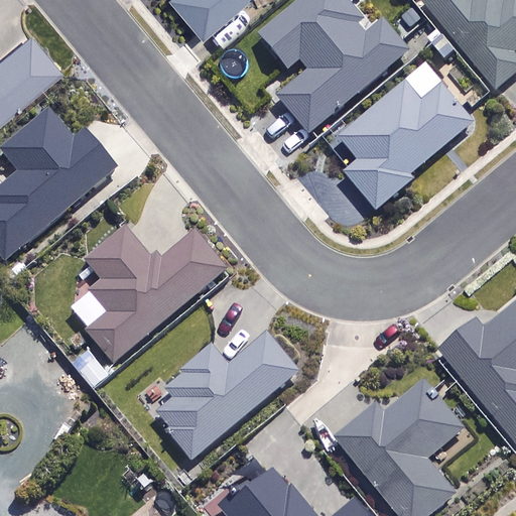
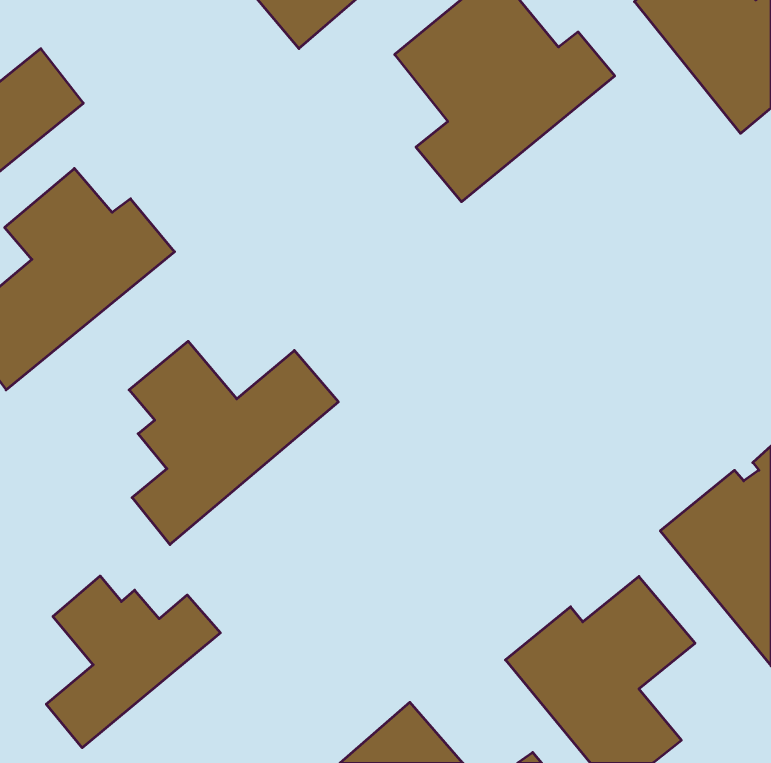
building: [340,81,474,211] -> none
building: [154,332,299,458] -> none
building: none -> [46,576,220,748]

